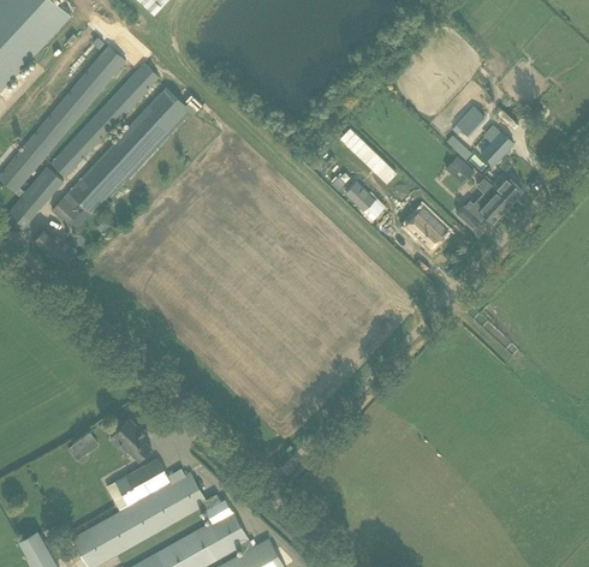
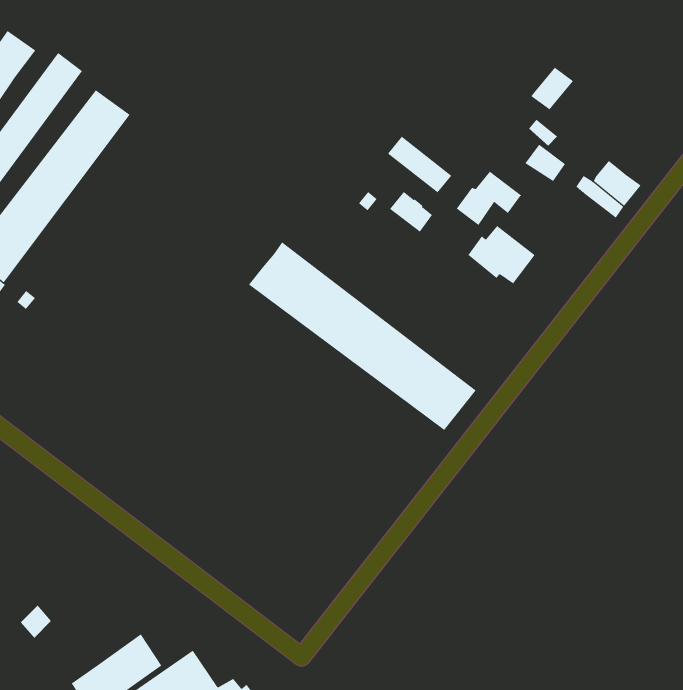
building: [481,124,513,165] -> none
building: [458,192,504,228] -> [456,171,523,226]
building: none -> [248,241,477,431]
building: [109,418,151,461] -> none

